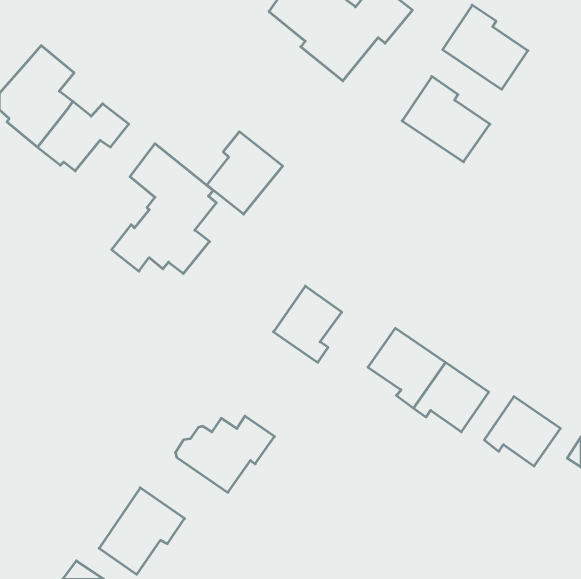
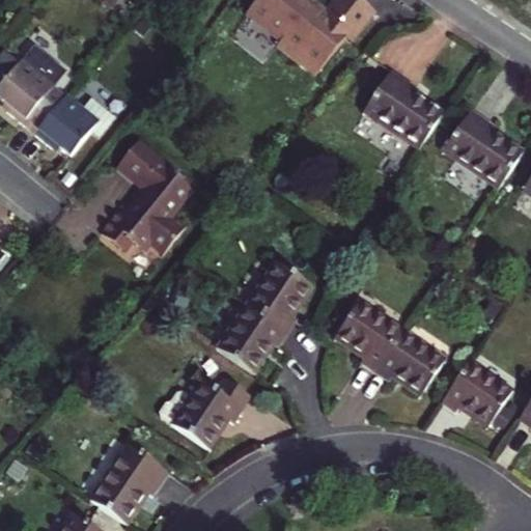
building: [443,5,528,89] -> [446,112,524,189]
building: [207,132,283,214] -> none
building: none -> [219,302,289,368]

